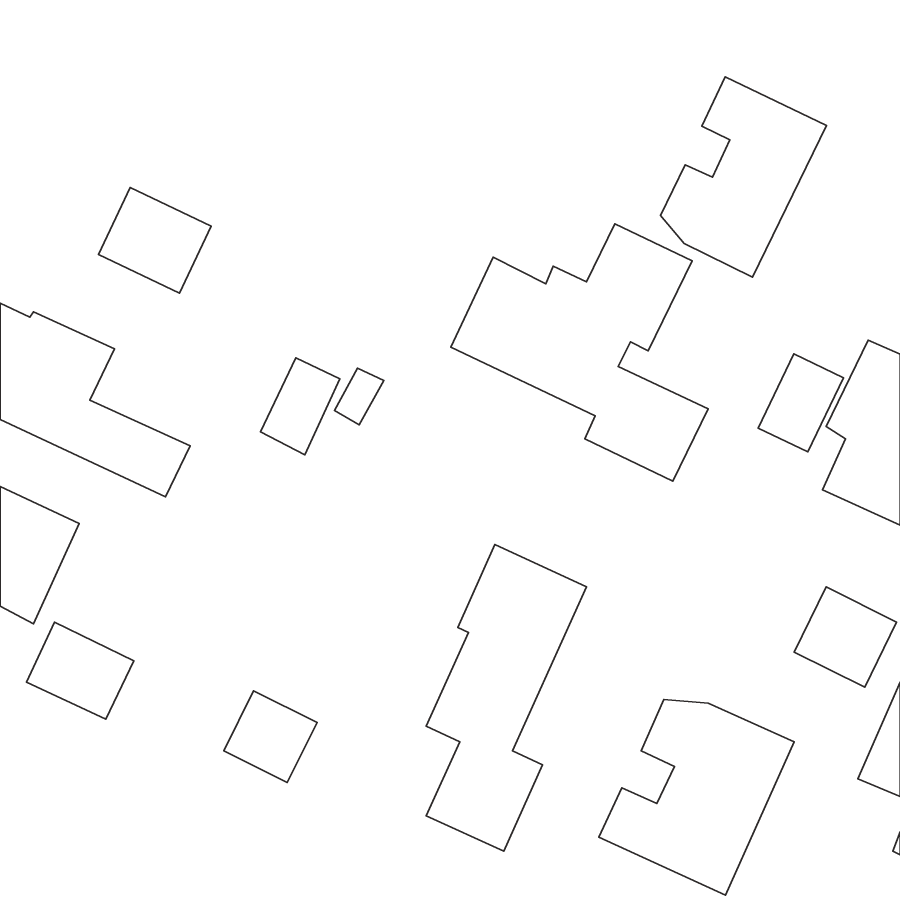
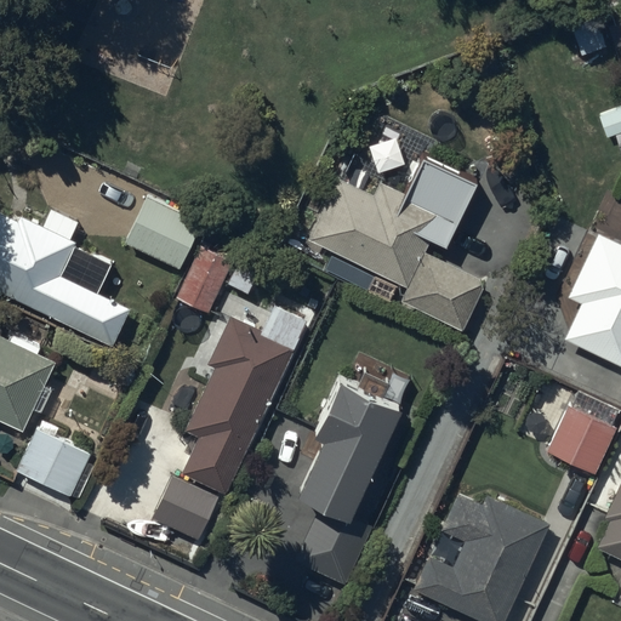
building: [661,77,826,277] -> none
building: [98,187,211,293] -> [126,198,204,270]
building: [758,354,843,452] -> none
building: none -> [182,318,296,497]

